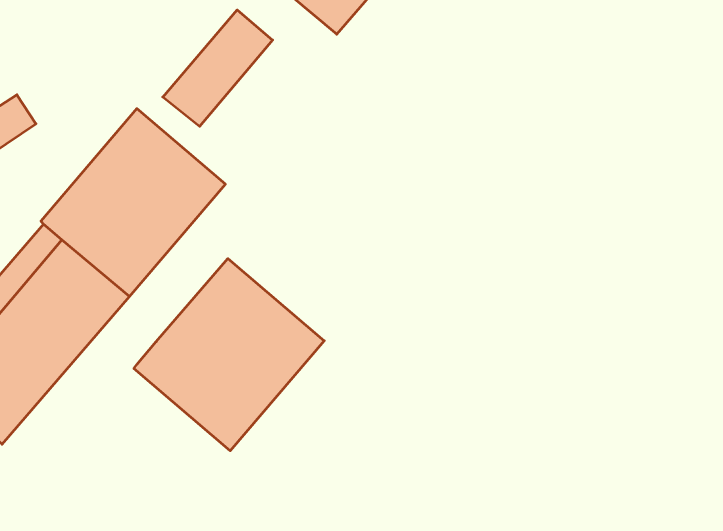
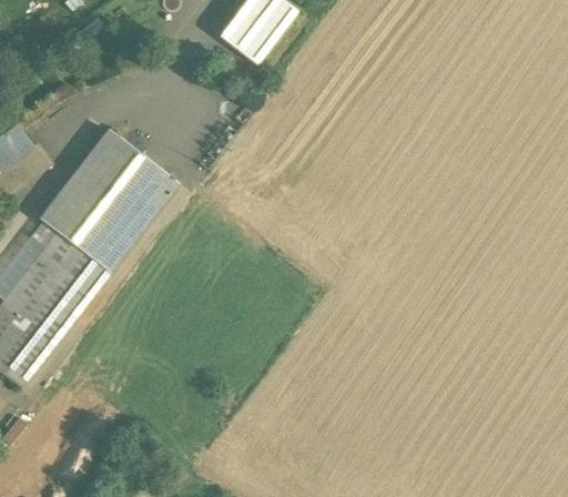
building: [163,10,273,126] -> none
building: [134,259,324,451] -> none

